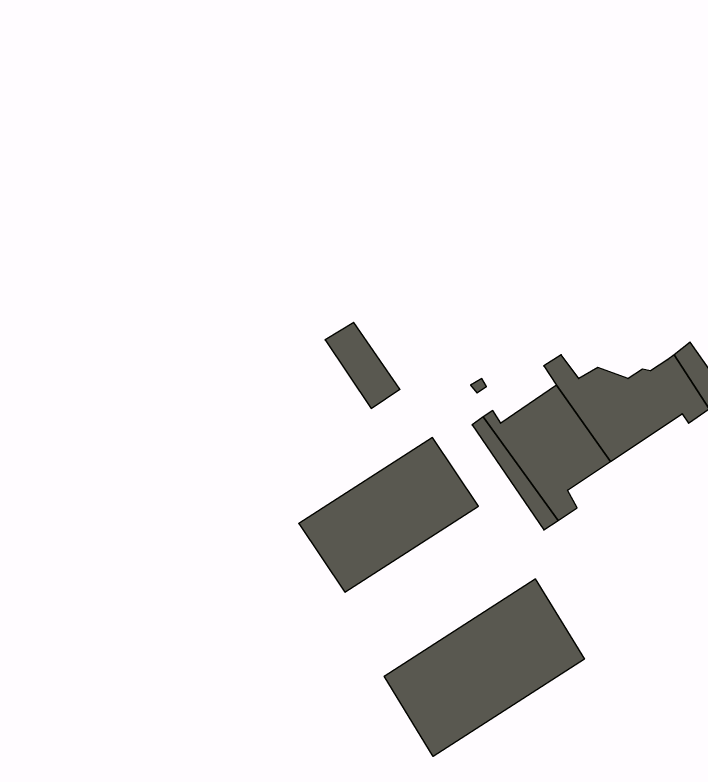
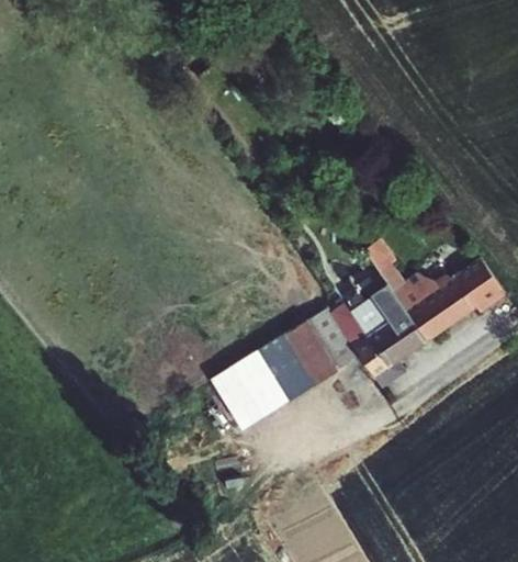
building: [325,322,400,408] -> [302,311,353,370]
building: [384,579,584,756] -> none

